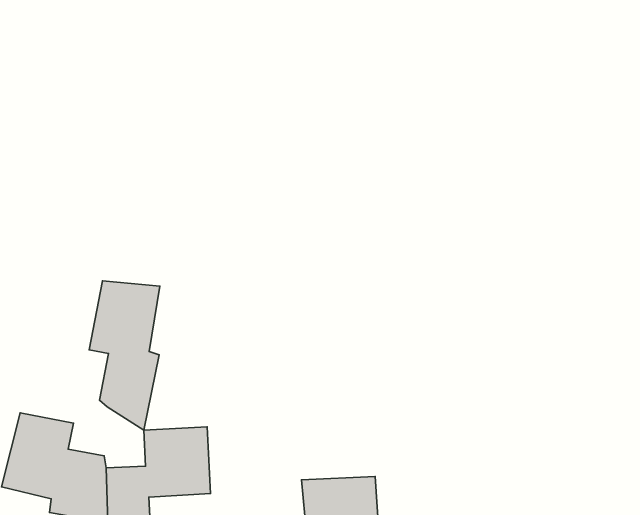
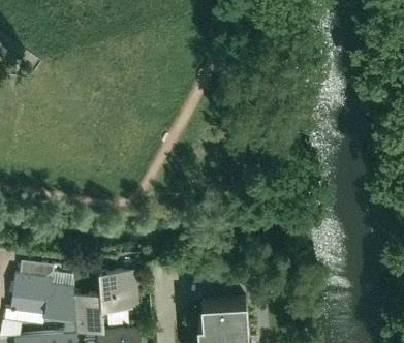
building: [89,281,160,430] -> none

